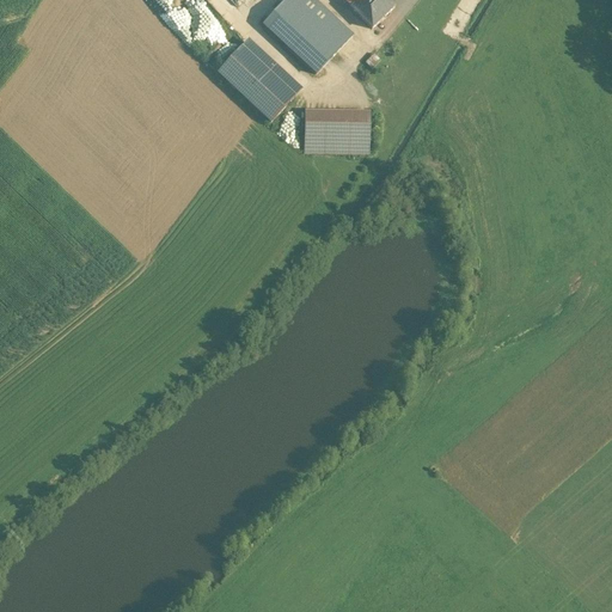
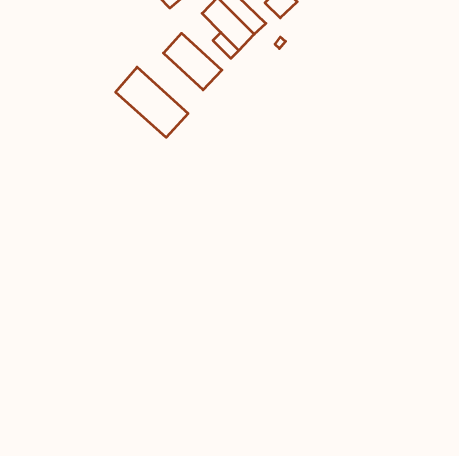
building: none -> [116,67,188,137]
building: [304,108,369,152] -> none

